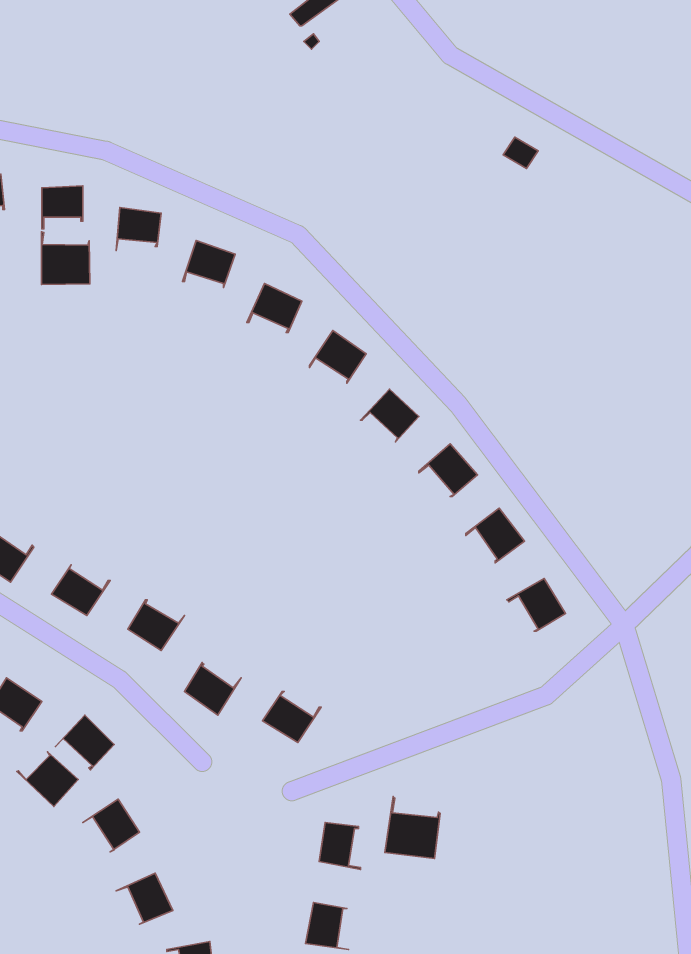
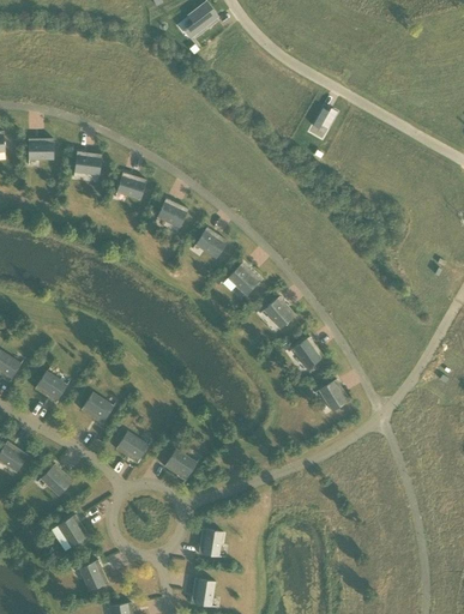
building: [42,232,90,284] -> none
building: [17,752,78,806] -> none
building: [385,797,440,859] -> none

